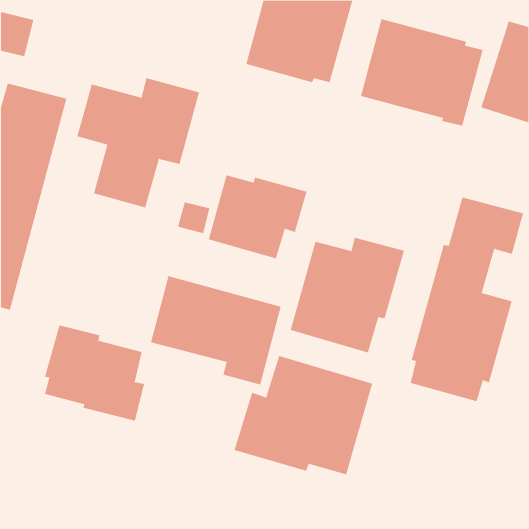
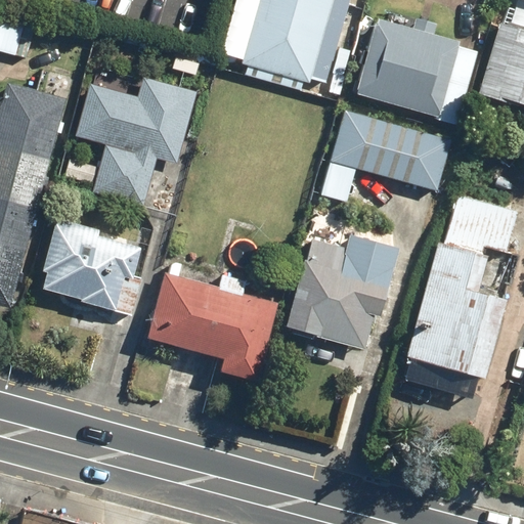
building: none -> [329,110,451,190]
building: [208,175,307,259] -> none
building: [44,325,145,421] -> [43,219,142,314]
building: [234,355,373,475] -> none

